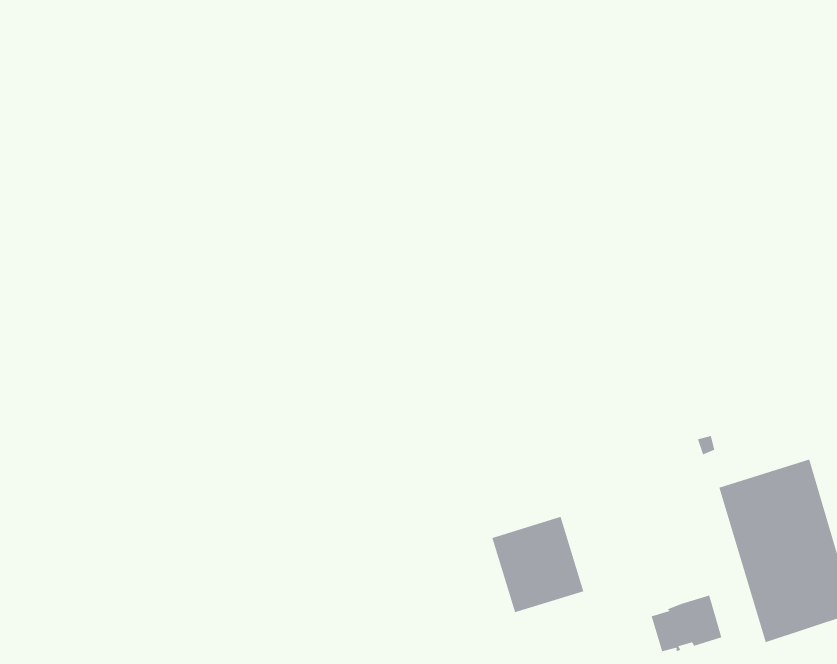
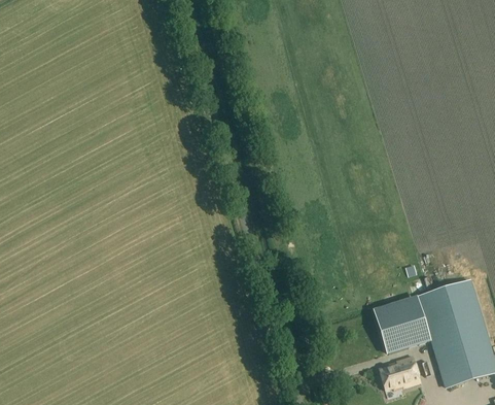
building: [491,516,584,613] -> [375,297,428,352]

